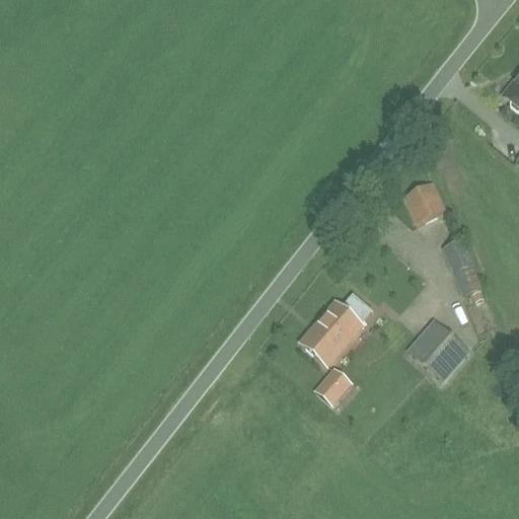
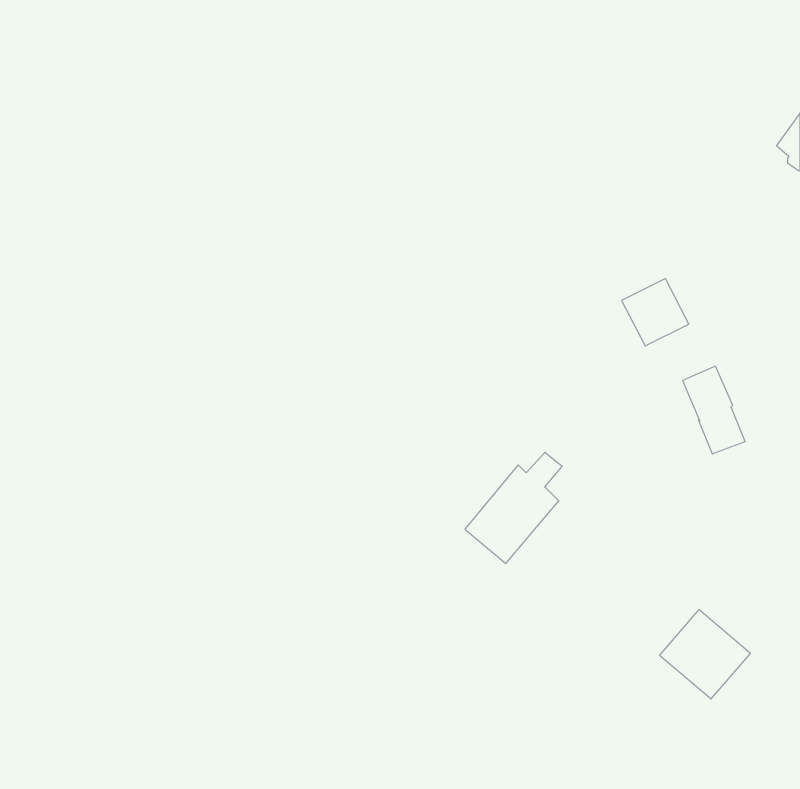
building: [409,320,467,378] -> [660,610,750,699]
building: [314,367,351,403] -> none

